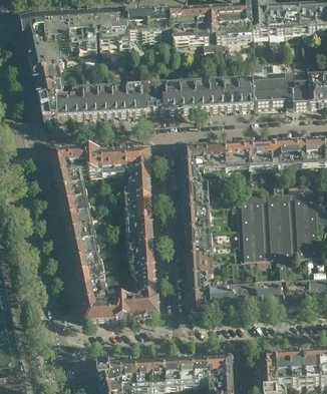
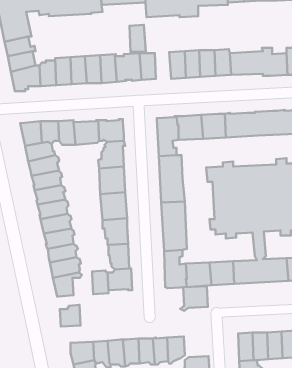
building: [182,79,198,105] -> [129,25,146,52]
building: [101,295,121,316] -> [60,305,80,327]
building: [207,355,234,379] -> [180,286,208,311]

